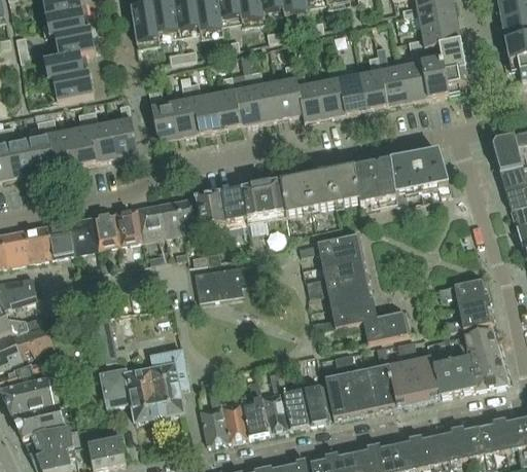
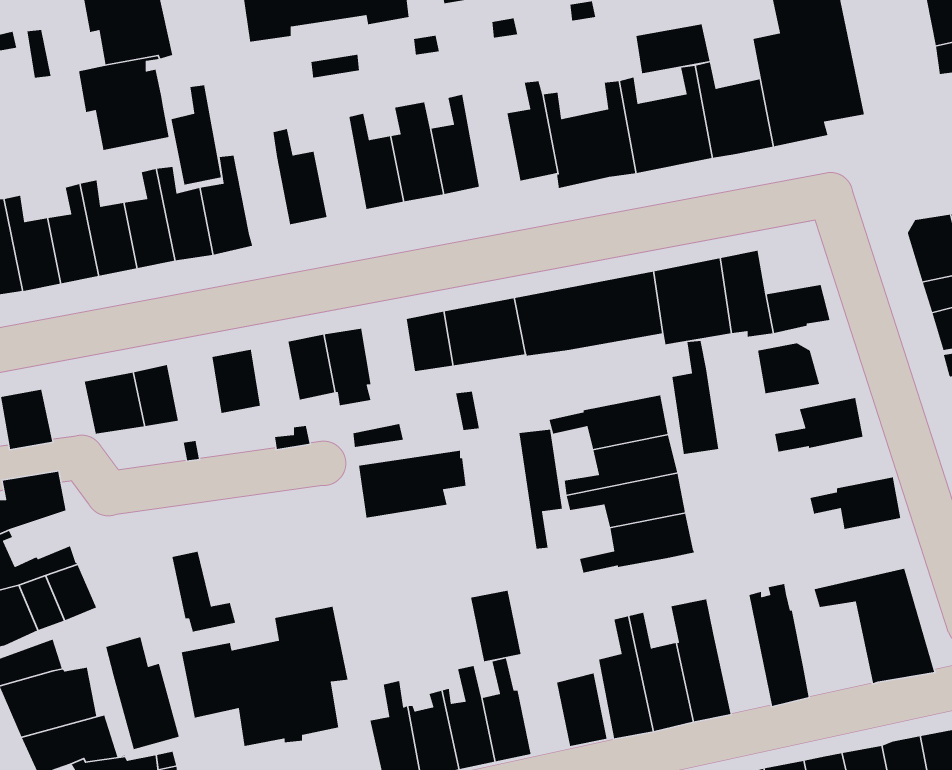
building: none -> [635,24,711,74]
building: [252,69,283,120] -> none
building: [172,82,200,137] -> [171,85,222,186]
building: [412,150,446,178] -> [757,343,820,394]
building: [198,191,226,227] -> none
building: none -> [671,340,719,455]
building: [138,204,164,239] -> none
building: [93,212,121,247] -> none
building: [25,225,54,258] -> none
building: none -> [519,429,563,549]
building: [445,299,493,329] -> [774,397,864,453]
building: [363,310,410,340] -> none
building: [427,337,473,396] -> none
building: [388,340,419,405] -> none
building: none -> [105,636,180,750]
building: [282,388,310,427] -> [470,590,522,662]

